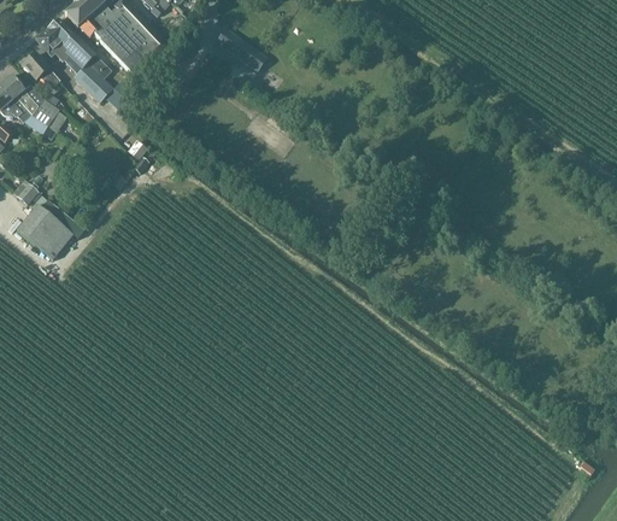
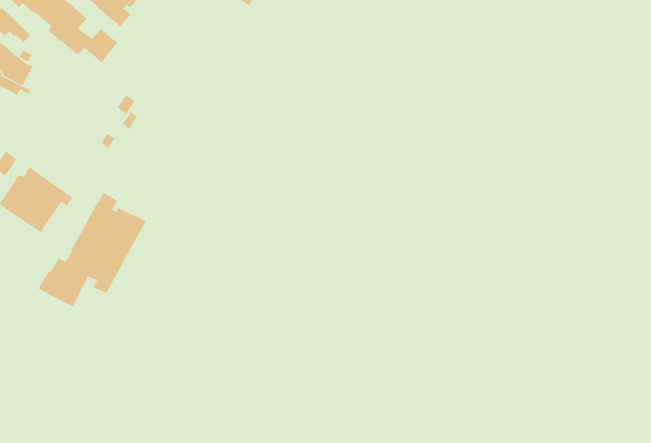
building: none -> [38,192,147,307]

